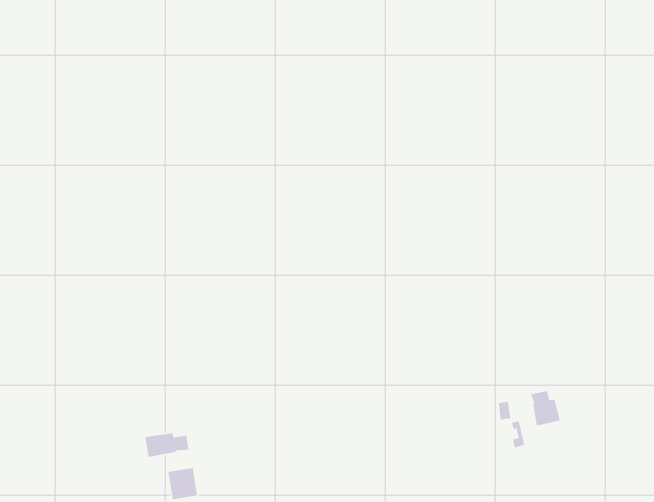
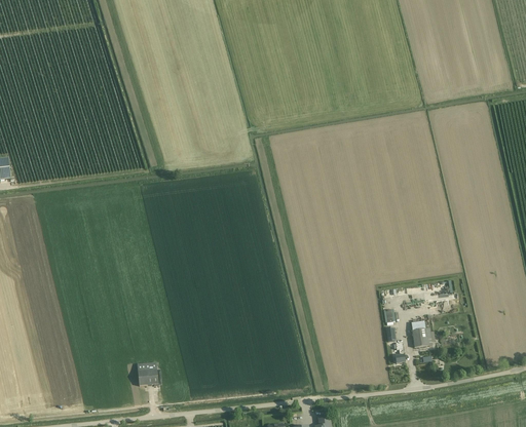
building: [144,433,190,458] -> none

